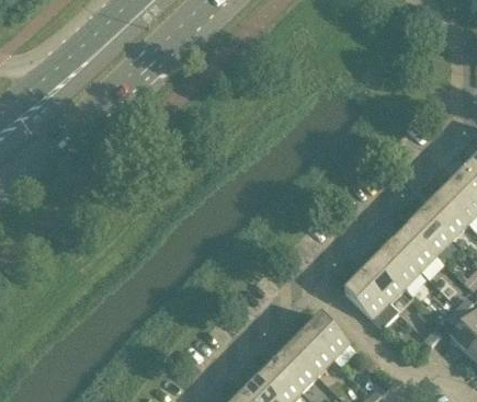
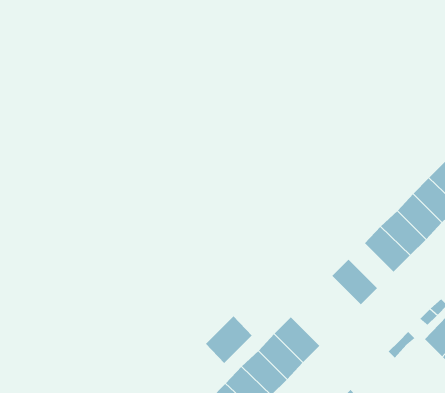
building: [376,241,420,285] -> none
building: [343,273,398,326] -> none
building: none -> [205,316,252,364]

